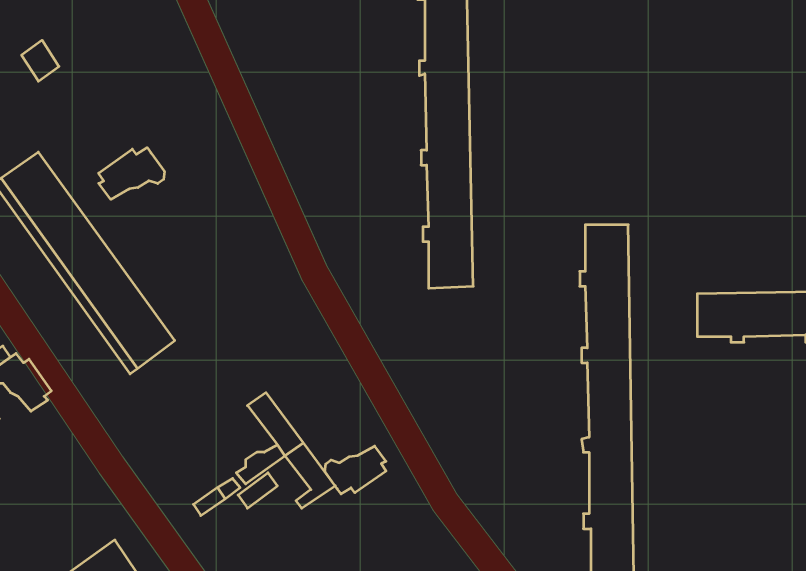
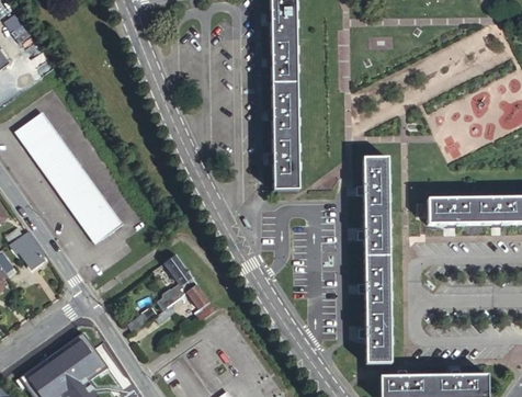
building: [99,148,164,199] -> none
building: [325,446,386,494] -> none

